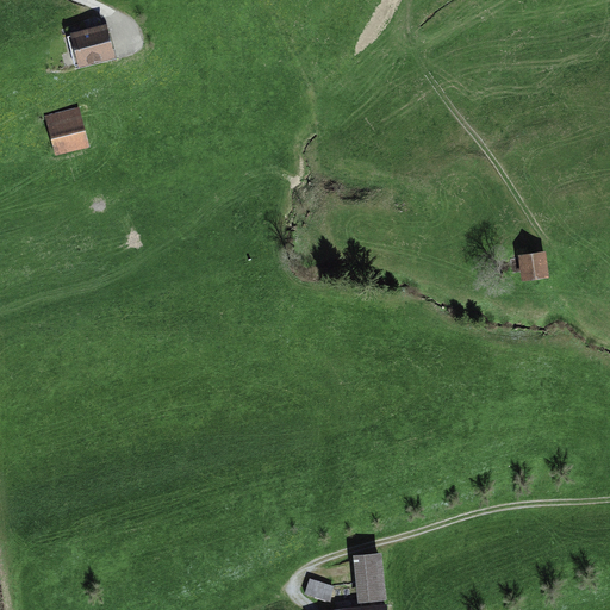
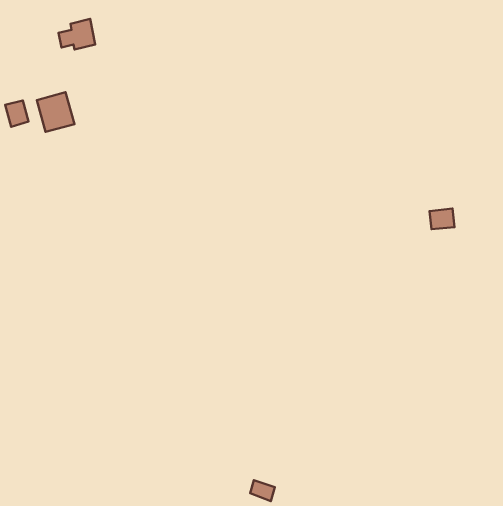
building: none -> [5,101,29,127]
building: [355,553,385,599] -> none

